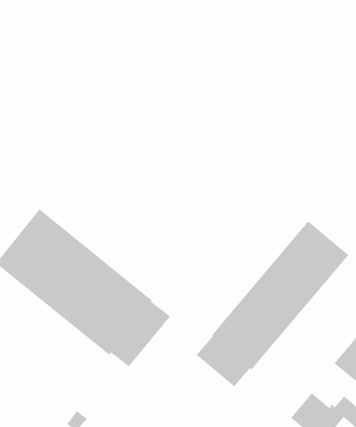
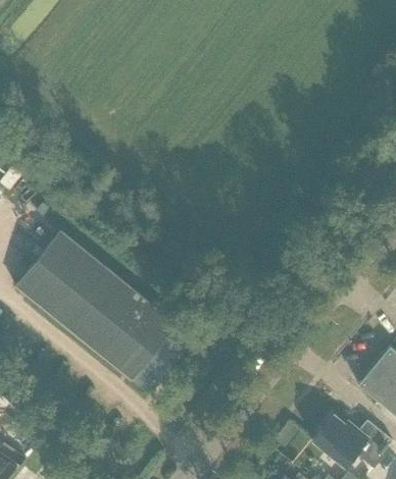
building: [196,220,349,387] -> none

